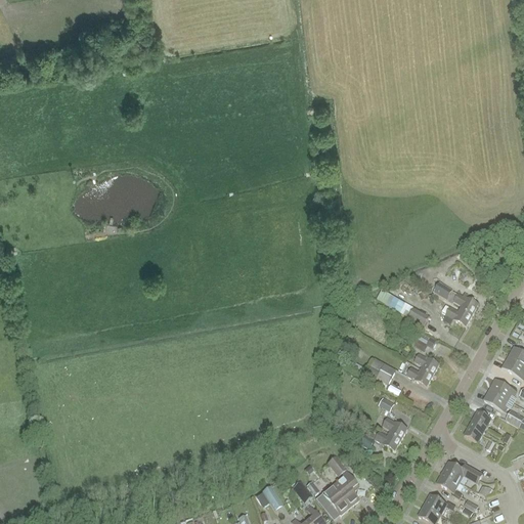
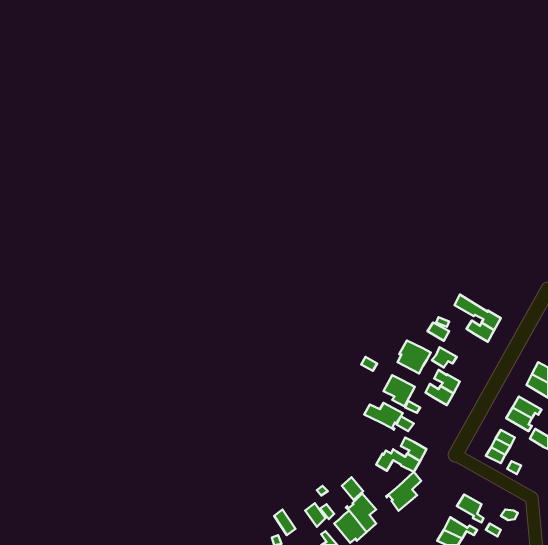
building: none -> [398,340,431,374]
building: none -> [364,403,403,430]
building: none -> [386,472,421,511]
building: [442,461,481,481] -> none

